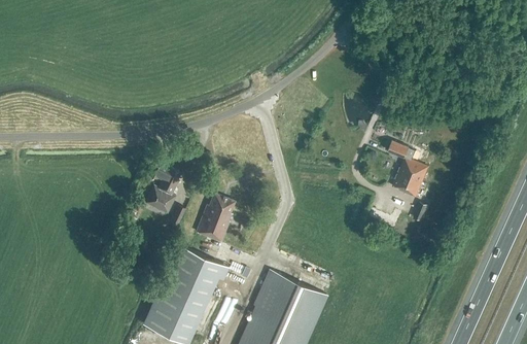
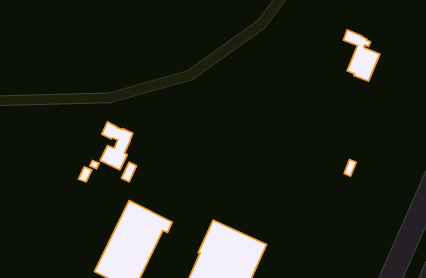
building: [388,140,428,197] -> [343,30,380,81]
building: [196,193,235,241] -> none

